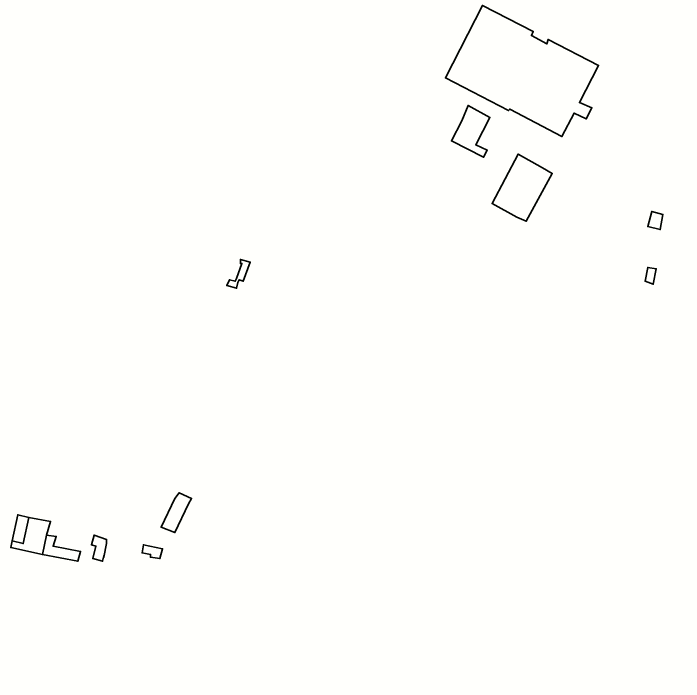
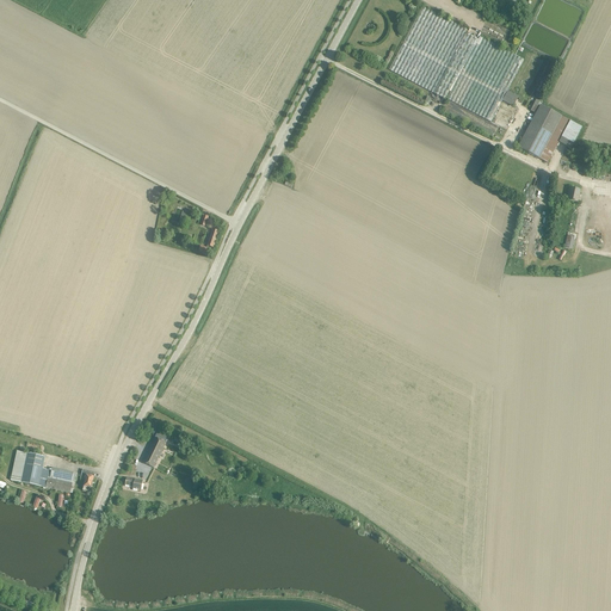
building: [451,106,490,157] -> none
building: [492,154,552,221] -> [517,103,569,161]

